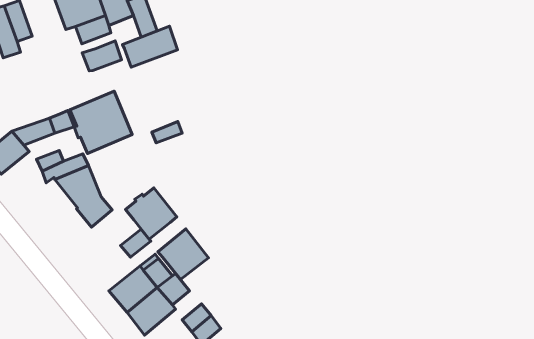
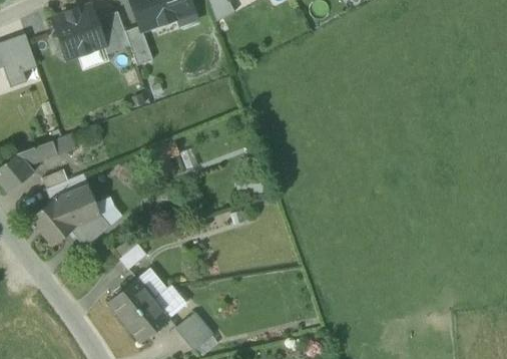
building: [122,26,177,67] -> none
building: [82,41,122,71] -> none
building: [70,91,132,154] -> none
building: none -> [29,197,78,246]
building: [125,188,177,239] -> none
building: [158,229,208,280] -> none

